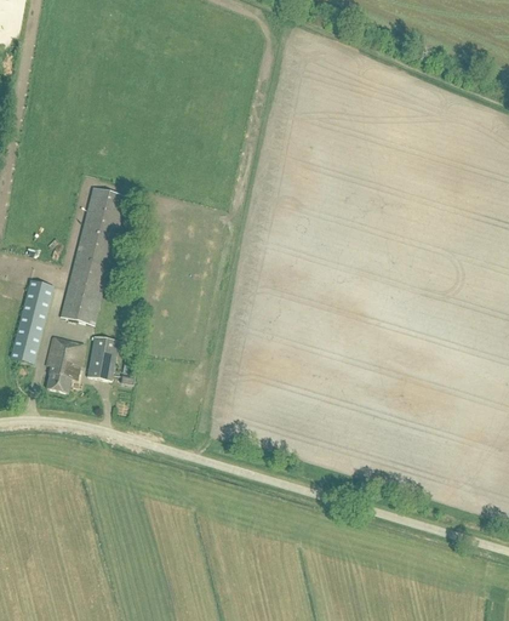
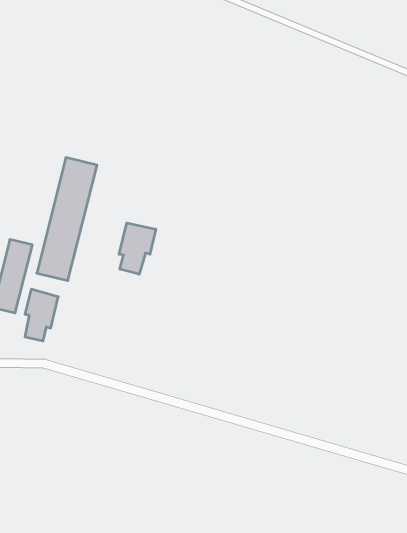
building: none -> [119,223,156,274]
building: [86,335,119,381] -> none

